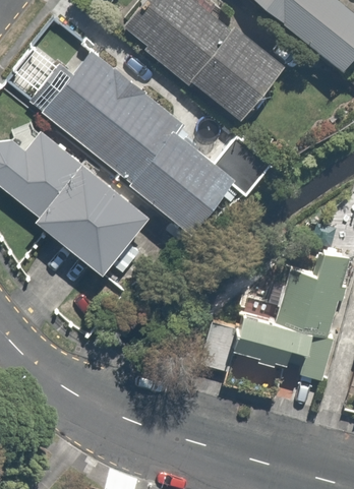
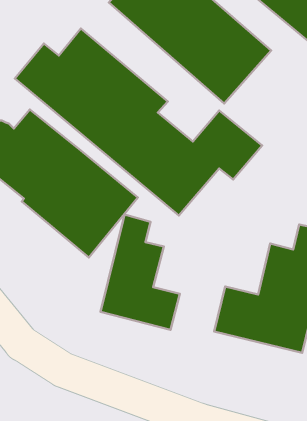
building: none -> [100,215,180,330]

